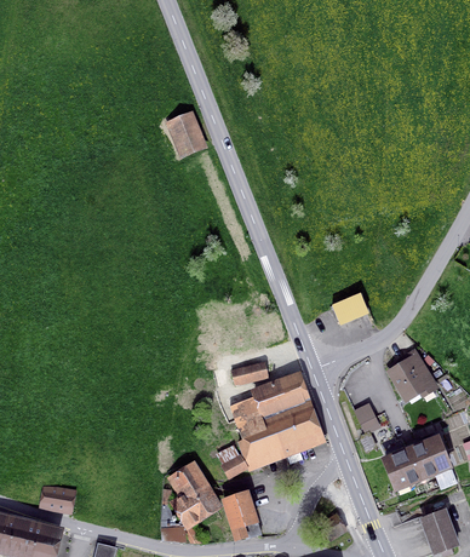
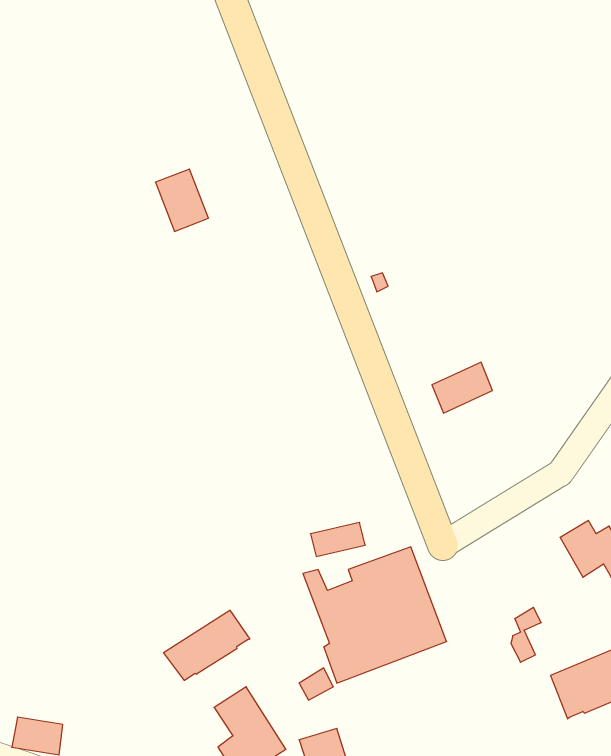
building: [170,114,204,154] -> [155,169,208,231]
building: [331,291,369,323] -> [432,362,492,413]
building: none -> [164,610,250,680]

